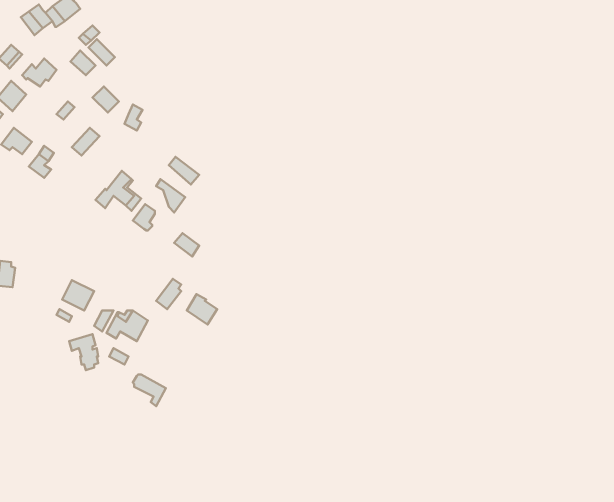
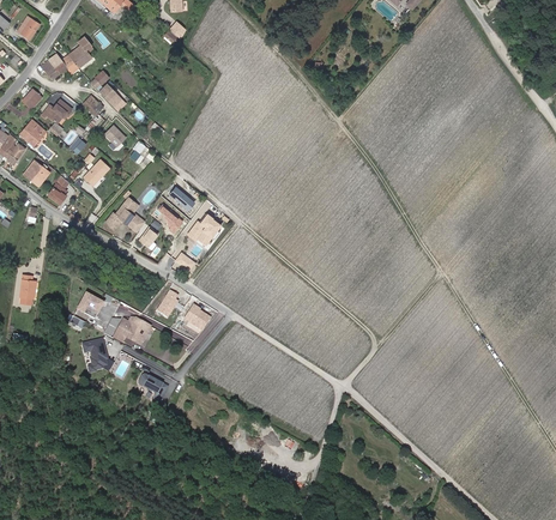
building: none -> [186,214,220,246]

